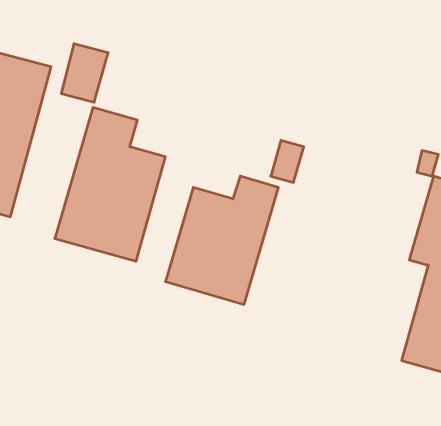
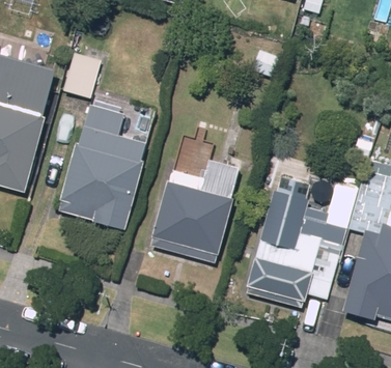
building: none -> [246,192,340,301]

